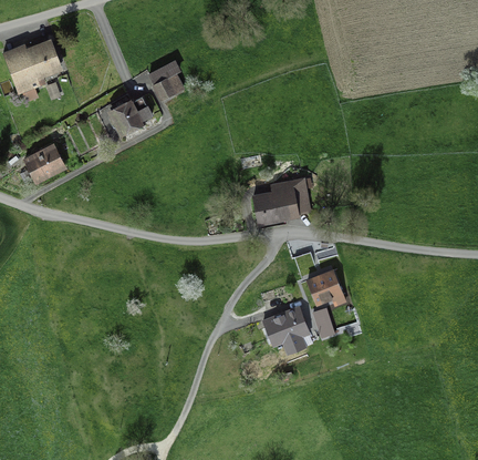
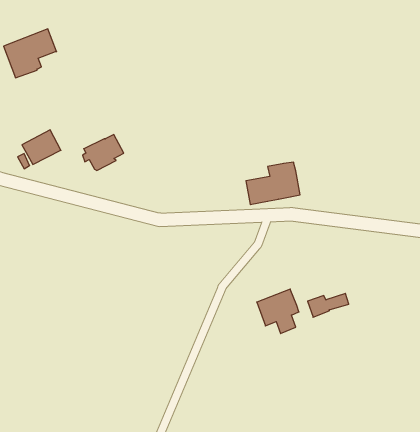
building: [149,61,183,98] -> none
building: [110,96,152,133] -> [83,135,124,170]
building: [308,269,344,304] -> none

